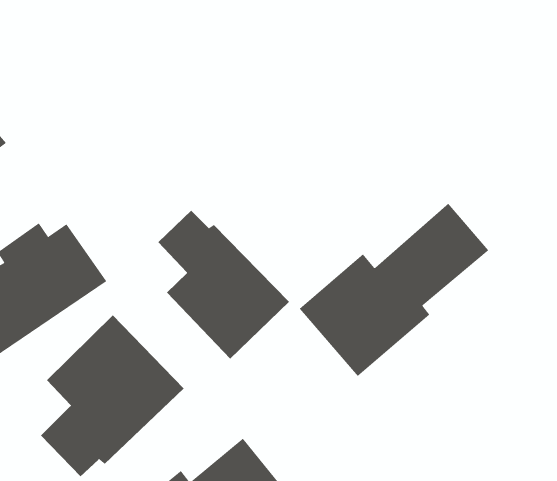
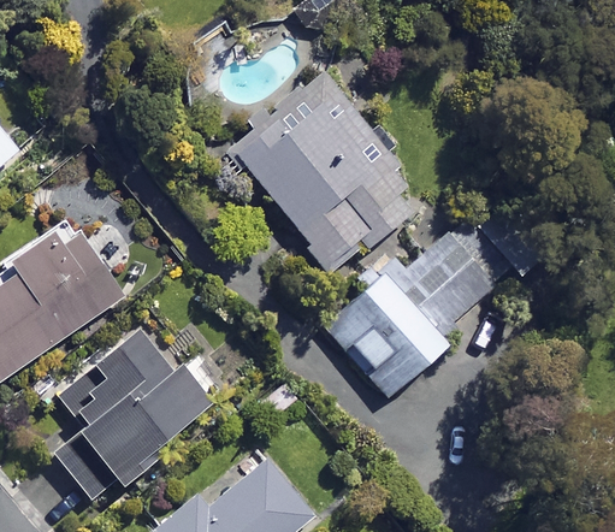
building: none -> [233,72,412,274]
building: [158,210,290,359] -> none

